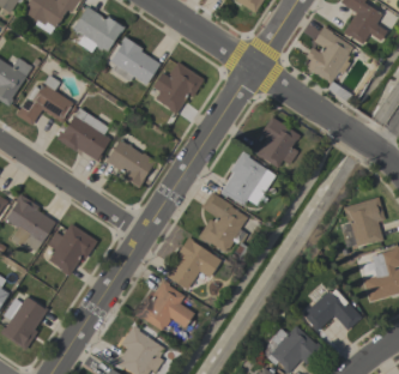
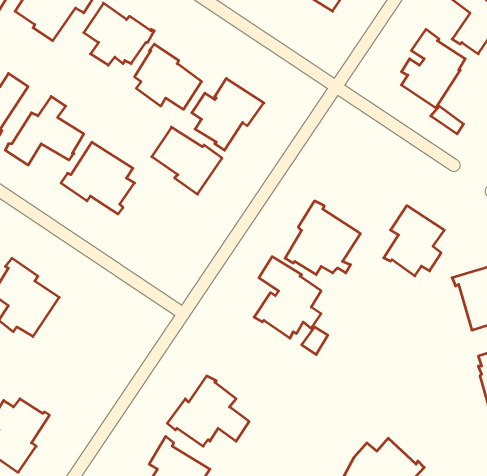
building: [255,116,300,168] -> [384,206,444,276]
building: [105,139,157,188] -> [152,127,222,194]
building: [47,223,97,276] -> none
building: [165,236,220,289] -> none
building: [302,290,362,331] -> none

